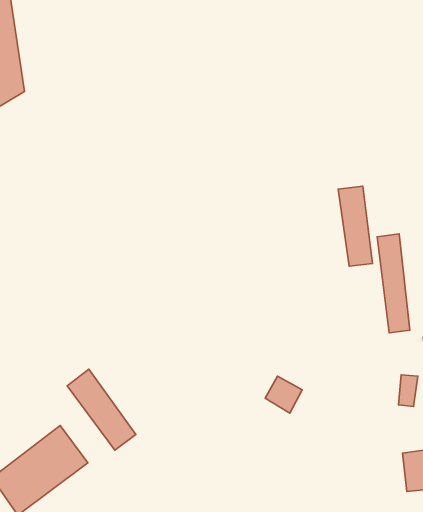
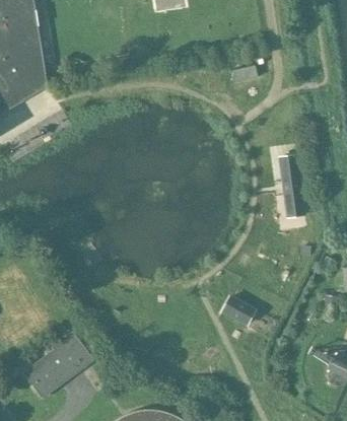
building: [377,234,410,333] -> none
building: [67,369,136,450] -> none

